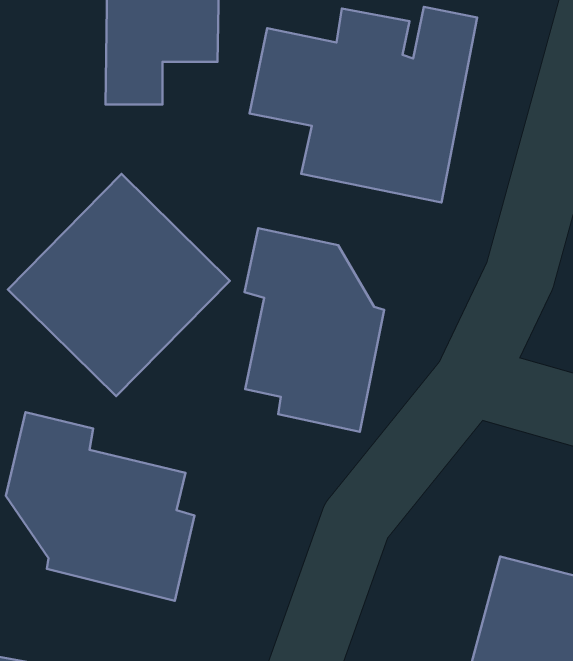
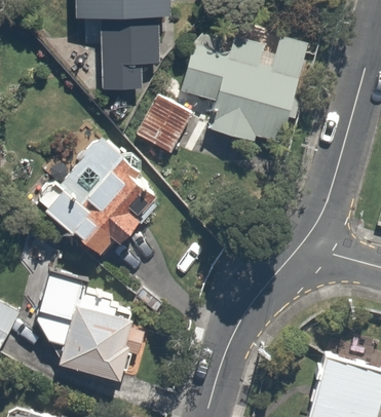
building: none -> [140,97,190,149]
building: [244,228,384,432] -> none

